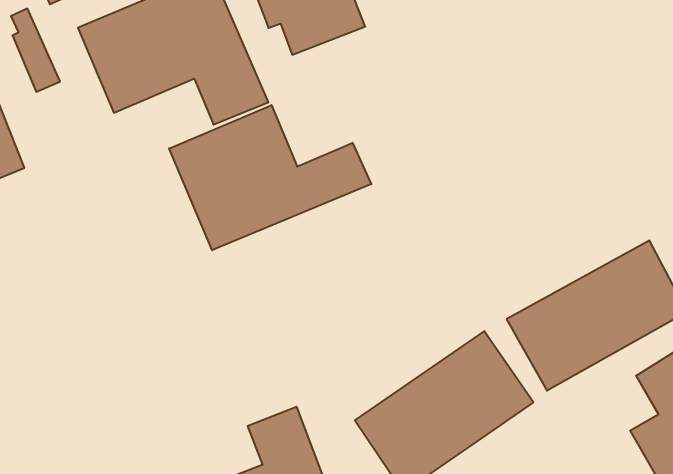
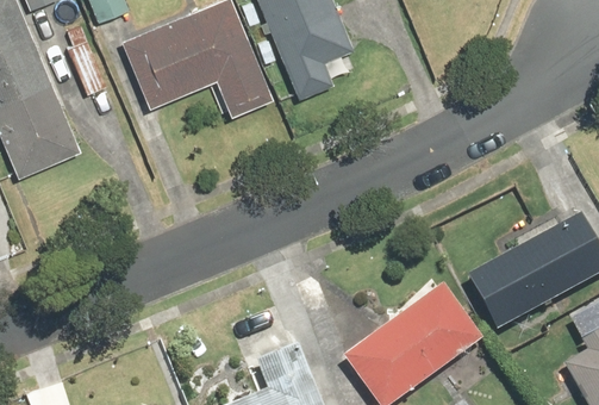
building: [169,105,371,250] -> none

